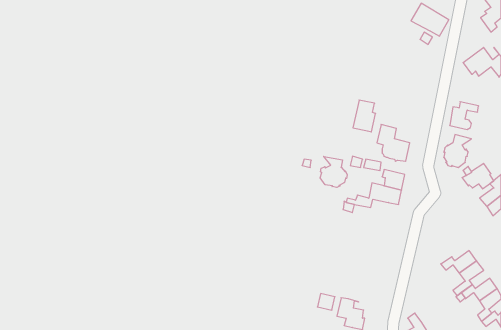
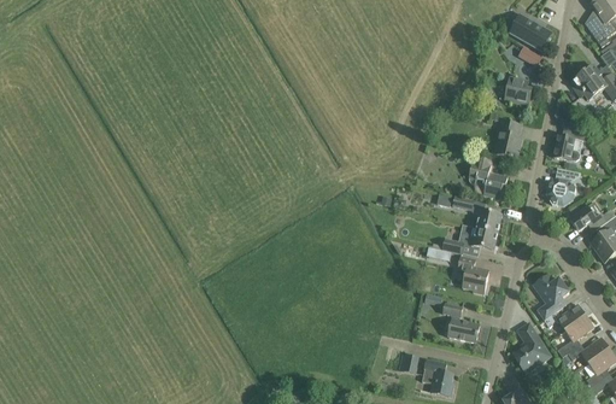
building: none -> [505,76,532,105]
building: [353,100,376,132] -> [495,121,522,158]
building: [320,156,347,187] -> none
building: none -> [458,257,489,294]
building: none -> [534,274,569,320]
building: none -> [444,304,480,342]
building: none -> [512,322,552,373]

